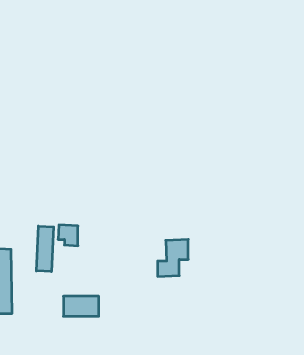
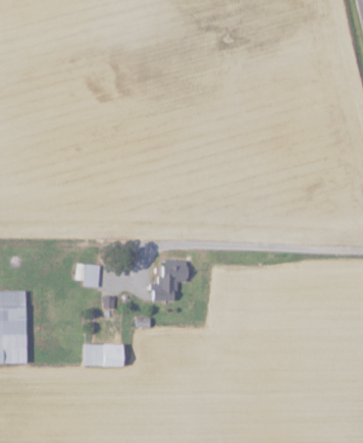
building: [36,226,54,272] -> none
building: [158,239,188,276] -> [152,260,187,301]

